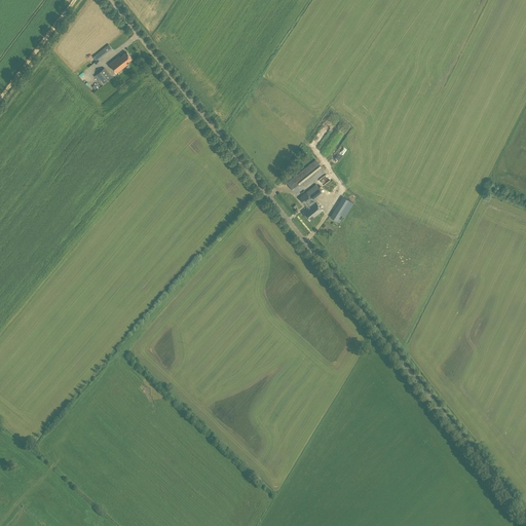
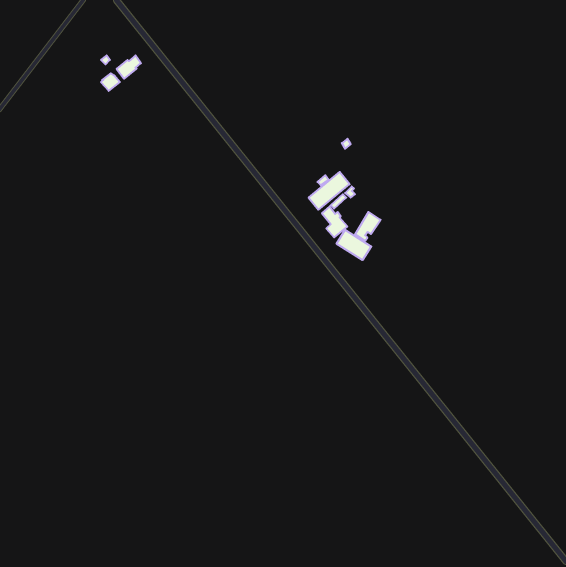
building: none -> [337,230,371,260]

